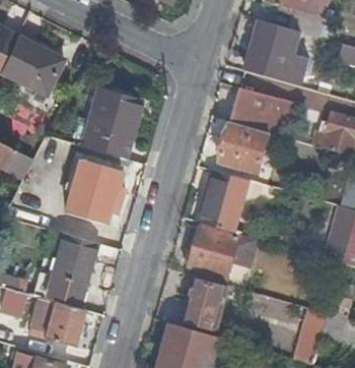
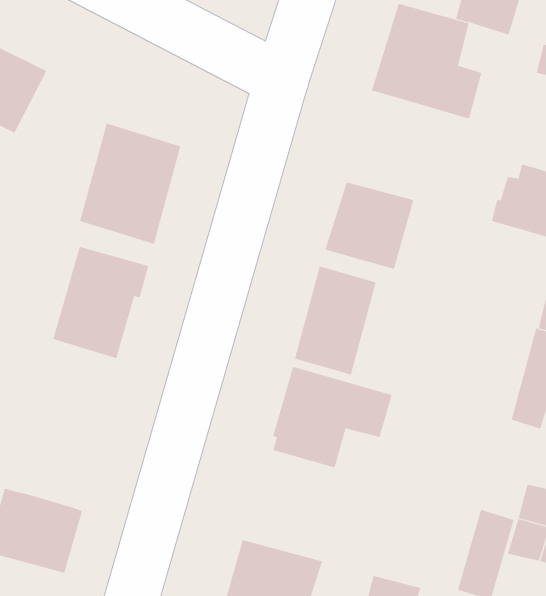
building: [232,88,295,137] -> none
building: [45,233,96,307] -> none
building: [185,280,228,328] -> none

